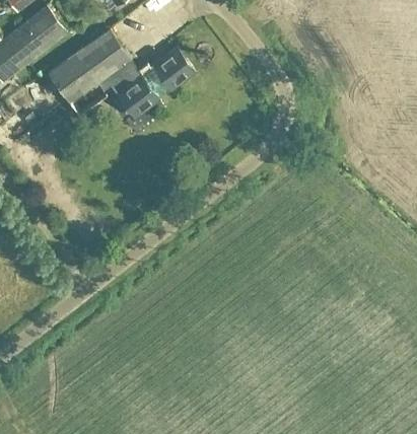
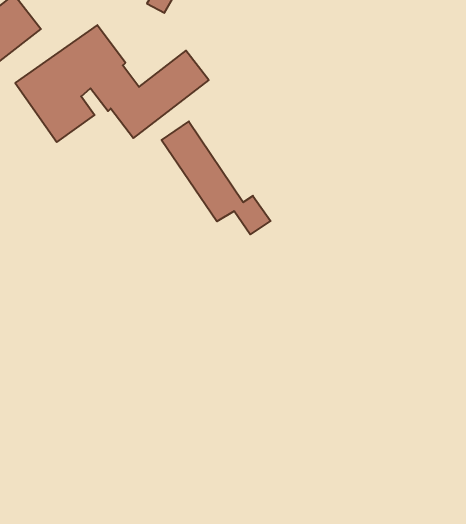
building: none -> [162,121,271,234]

